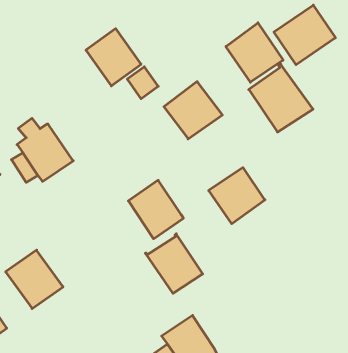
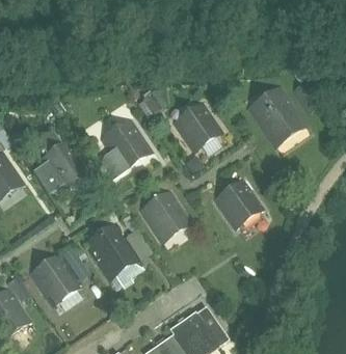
building: [274,5,335,65] -> none
building: [226,23,283,82] -> none
building: [86,29,141,86] -> [101,116,151,168]
building: [145,234,203,293] -> [84,221,136,275]

